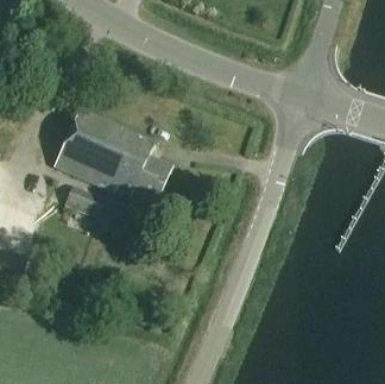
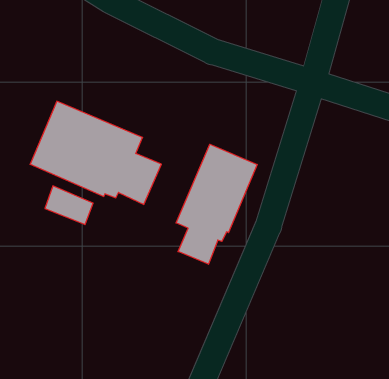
building: none -> [176,144,257,264]

